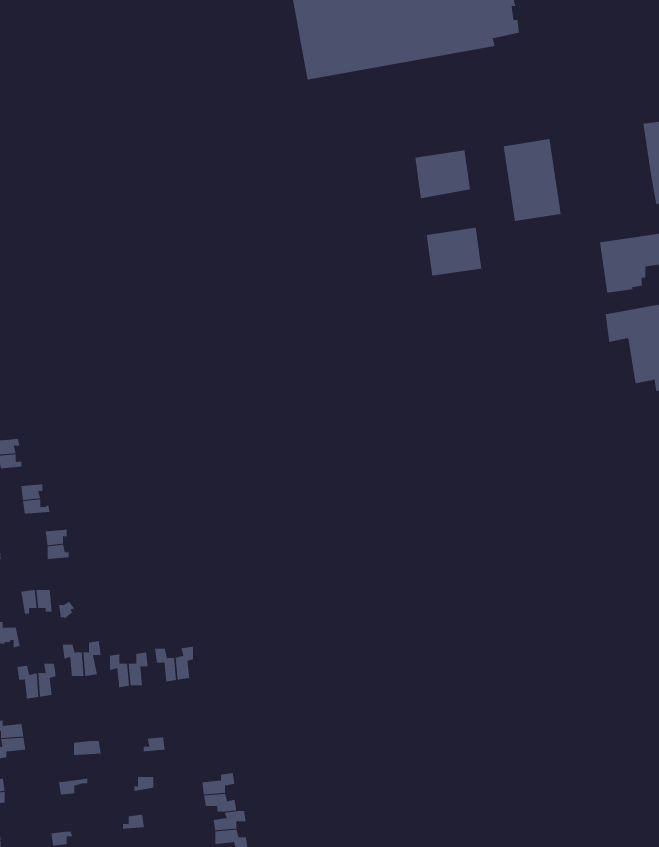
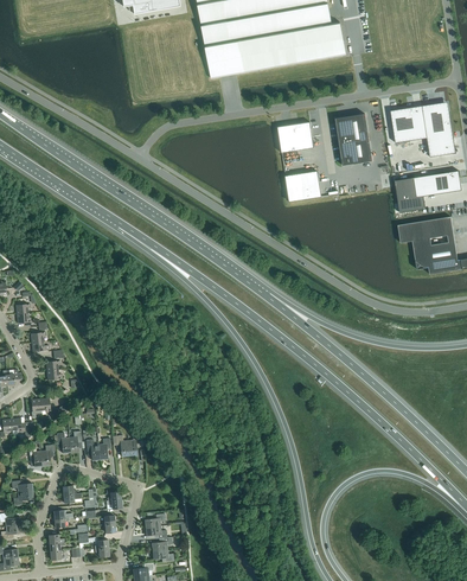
building: none -> [391,106,427,142]

